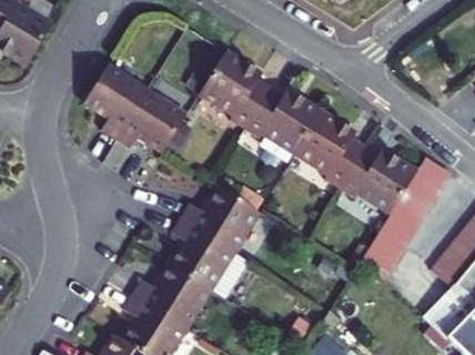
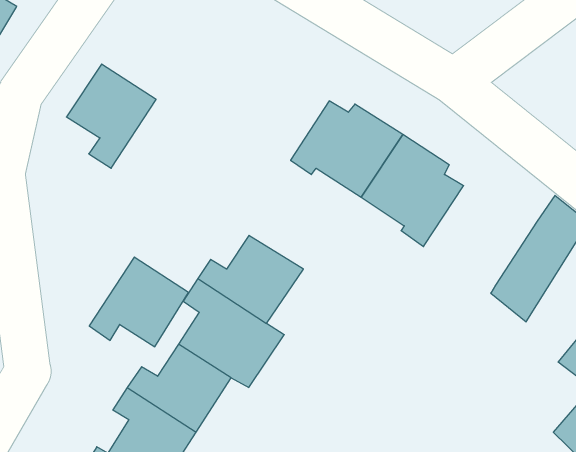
building: [201,54,272,132] -> none
building: [121,90,190,152] -> [89,257,189,347]
building: [337,150,416,219] -> none
building: [363,224,408,281] -> none

